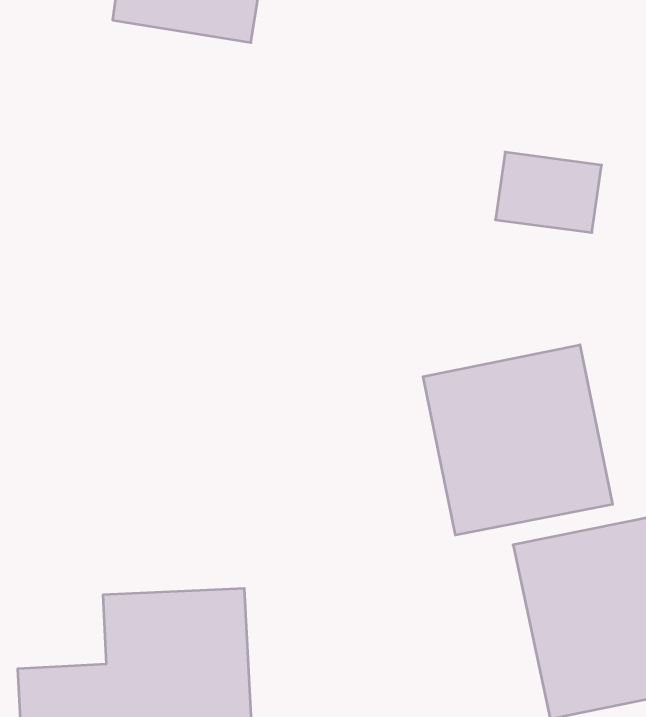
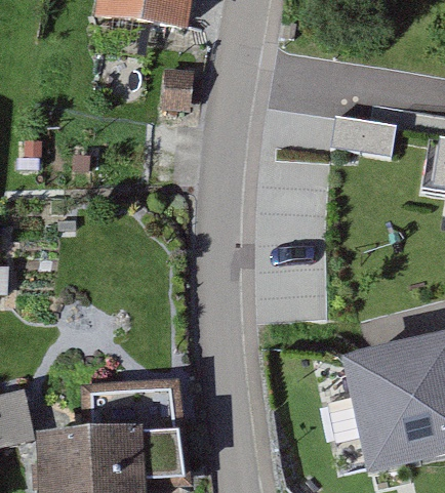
building: [423,345,613,535] -> none

